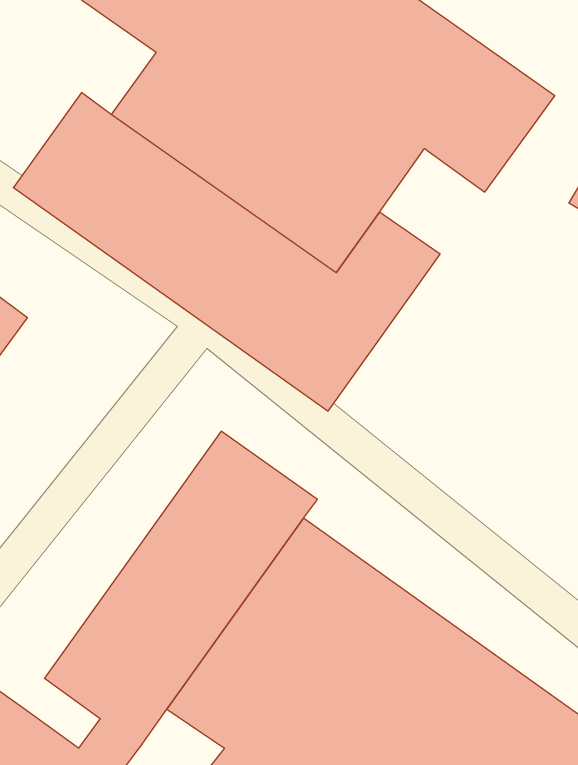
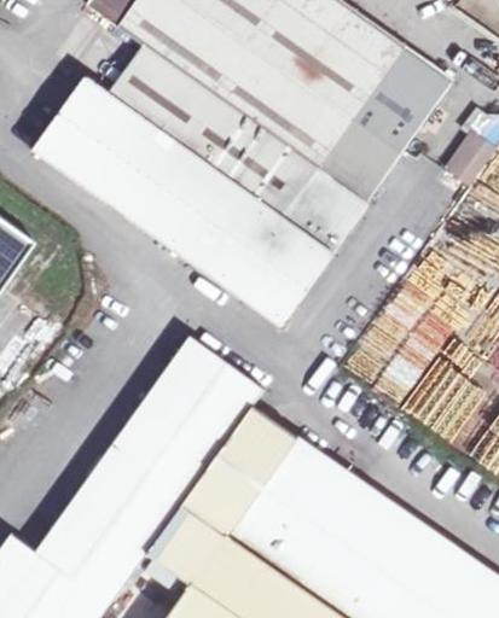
building: none -> [315,119,398,202]
building: none -> [37,531,98,585]

